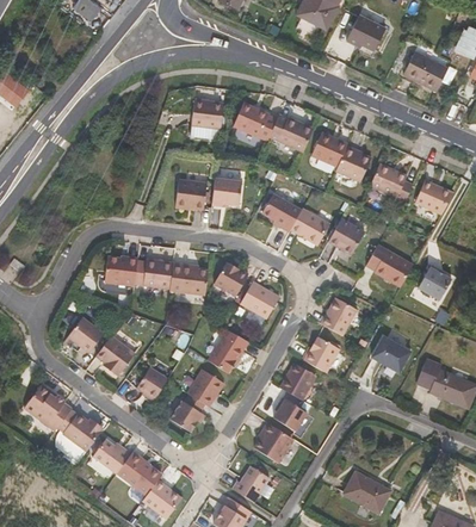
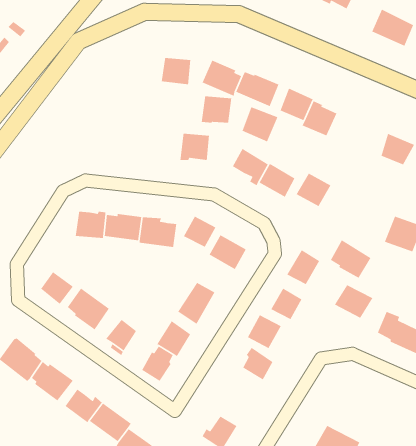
building: none -> [242,106,279,143]
building: [370,161,413,198] -> none
building: [173,180,205,209] -> [201,96,232,124]
building: [366,242,409,283] -> [330,239,372,279]
building: [254,422,293,463] -> none

